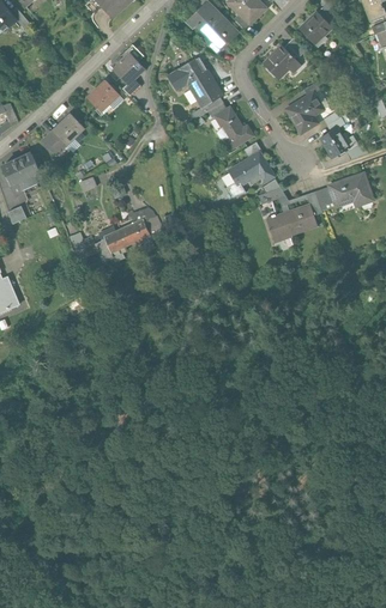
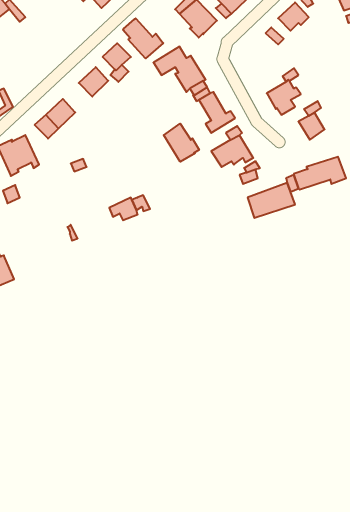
building: none -> [123,18,163,58]
building: [264,45,298,79] -> none
building: none -> [164,124,199,162]
building: [98,229,135,260] -> none

